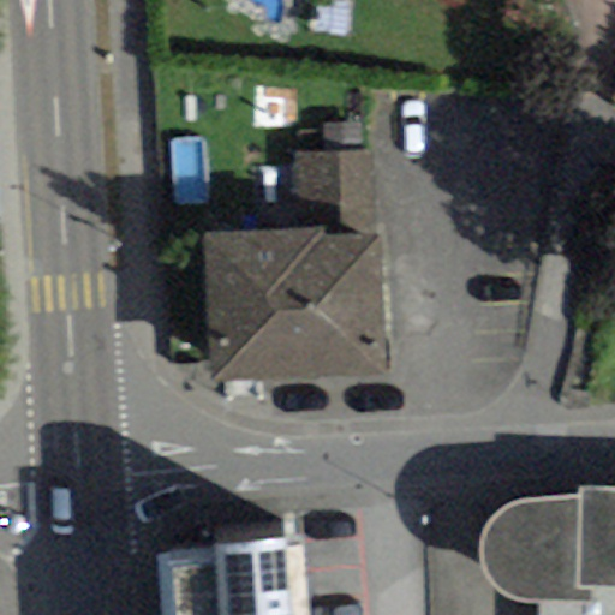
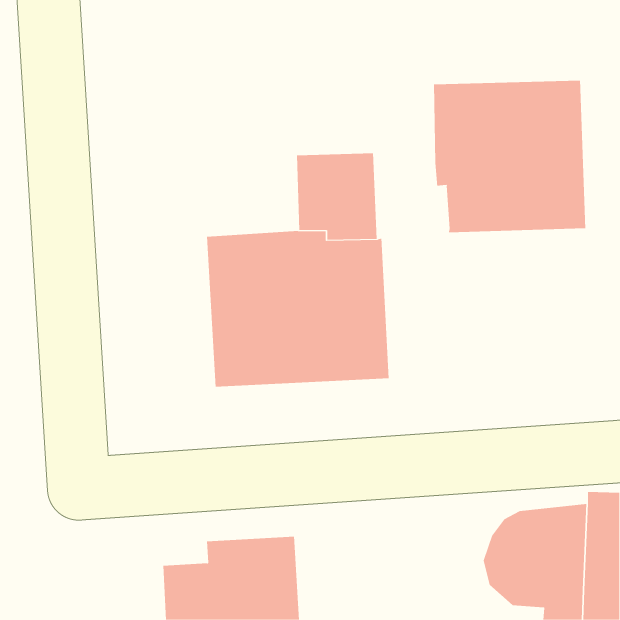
building: none -> [433,80,586,233]

